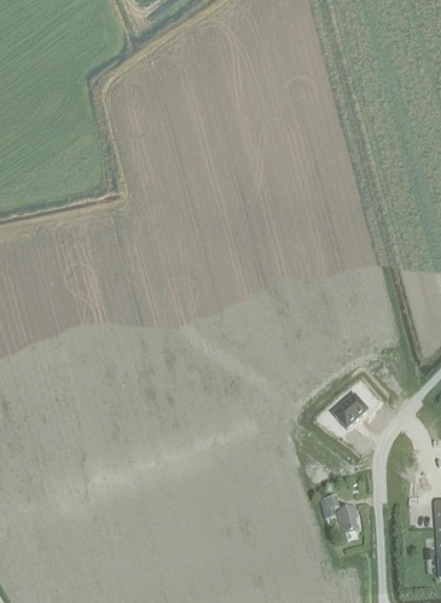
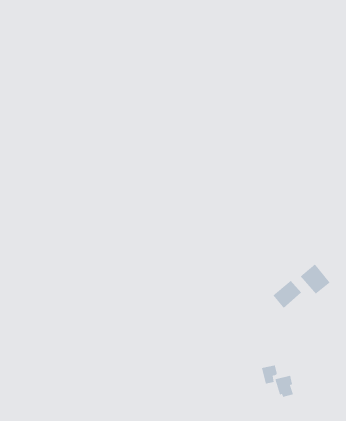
building: none -> [300,263,331,295]

